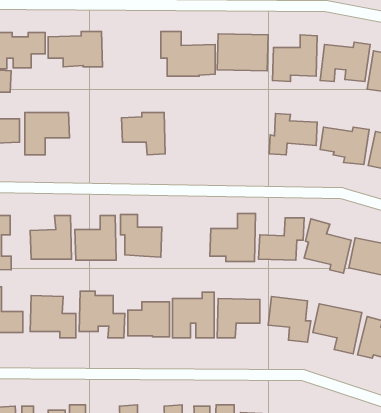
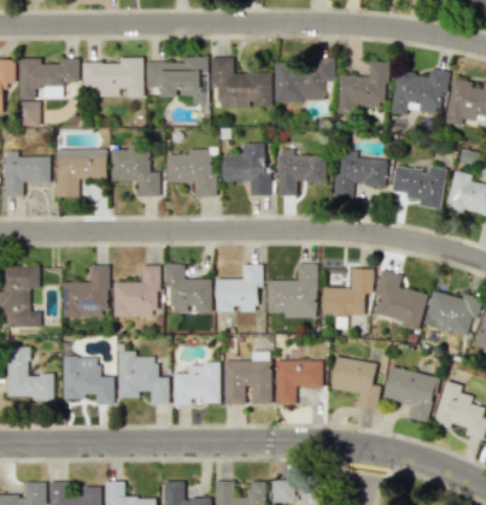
building: none -> [146,57,207,104]
building: none -> [222,142,270,194]
building: none -> [110,143,158,196]
building: none -> [277,148,326,194]
building: none -> [215,263,262,312]

